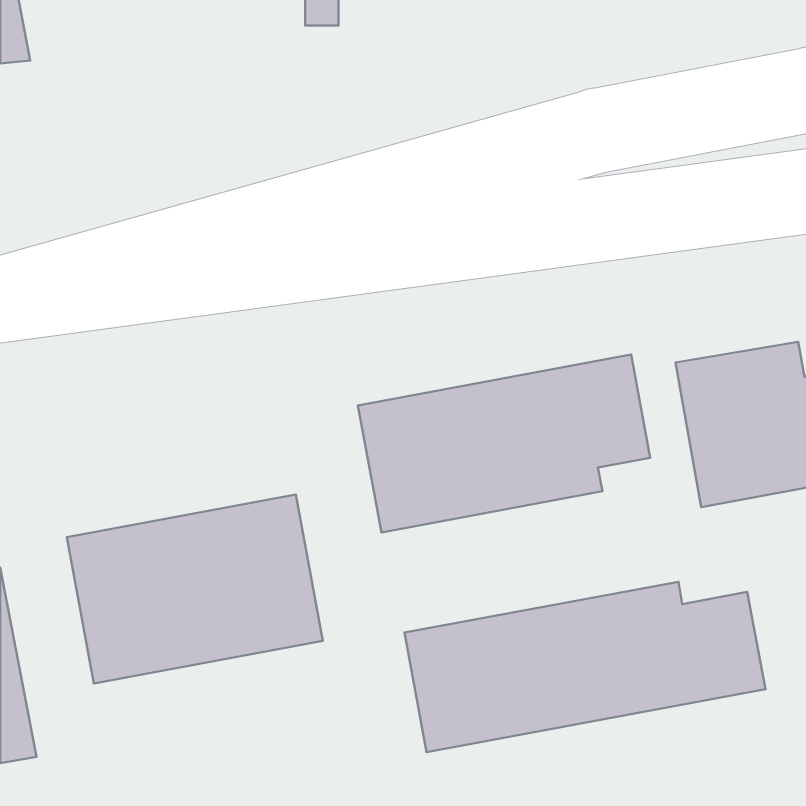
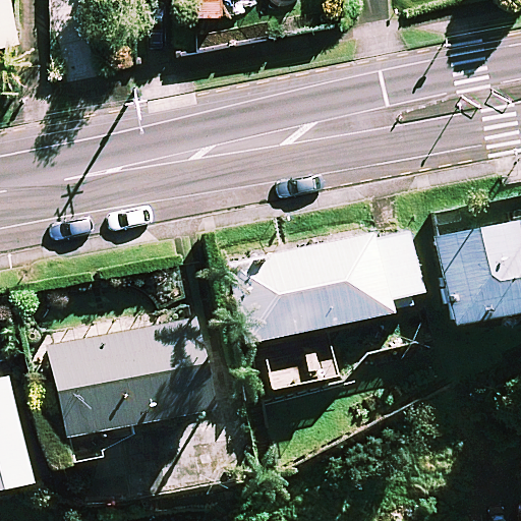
building: [405,582,765,752] -> none

